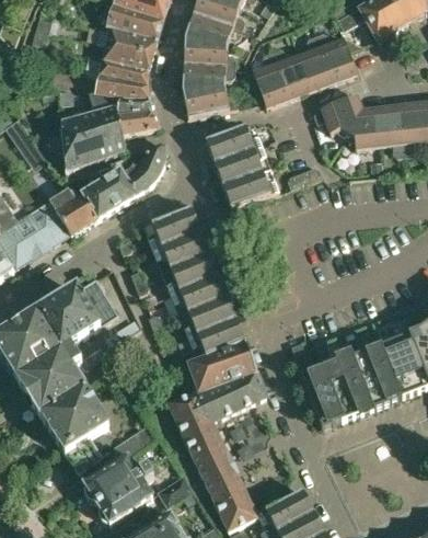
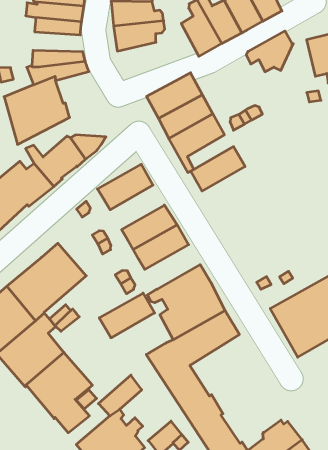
building: [84,55,148,84] -> none
building: [182,85,238,116] -> none
building: [116,105,158,134] -> none
building: [346,105,380,147] -> none
building: [128,142,165,174] -> none
building: [152,230,208,271] -> [191,147,245,191]
building: [178,296,235,336] -> [99,293,155,338]

